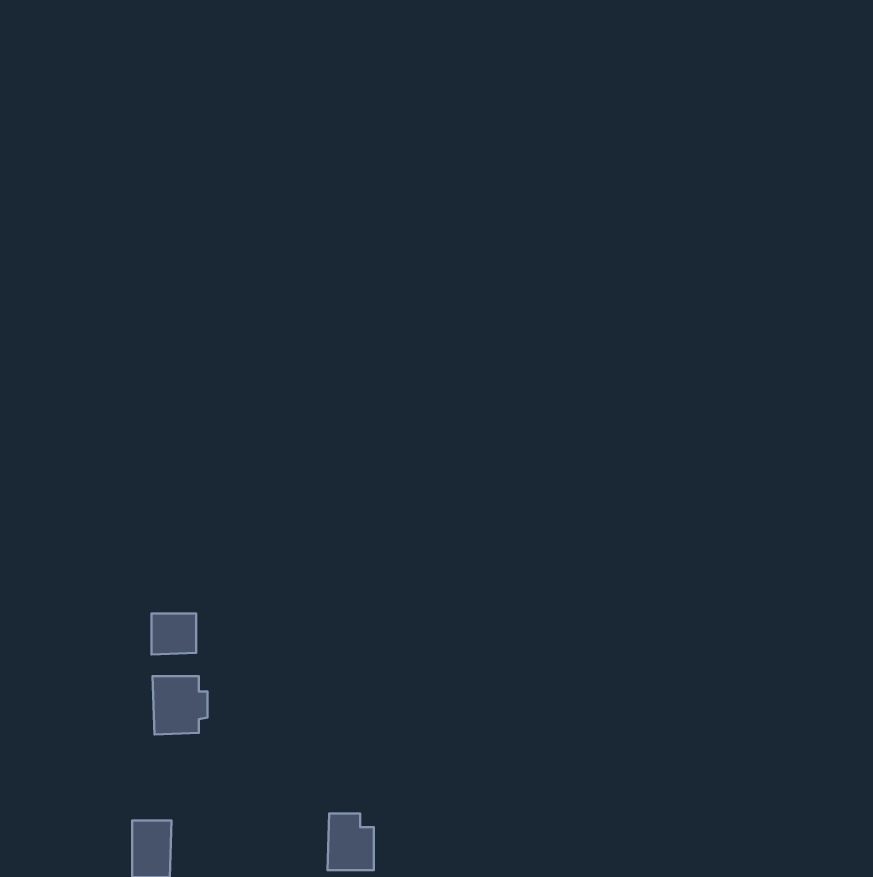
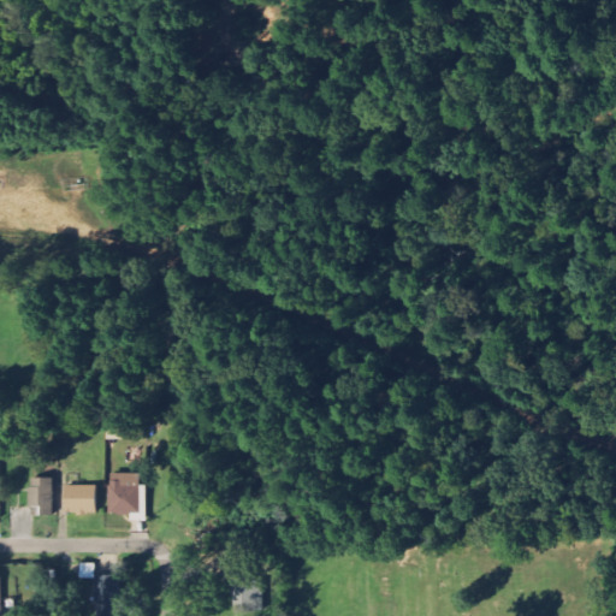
building: [151,613,196,655] -> [64,485,95,514]
building: none -> [28,478,52,515]

